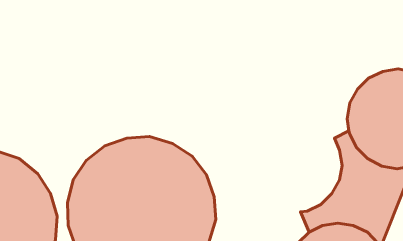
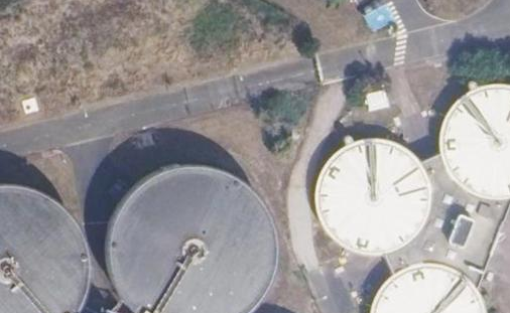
building: none -> [315,140,431,256]

